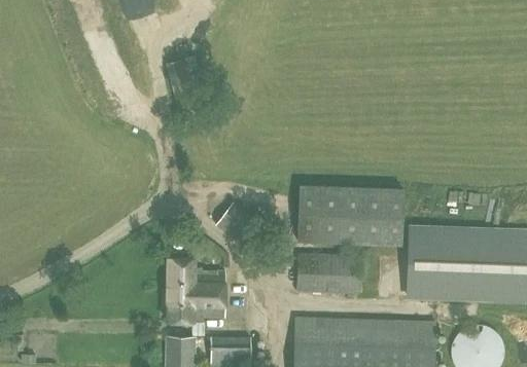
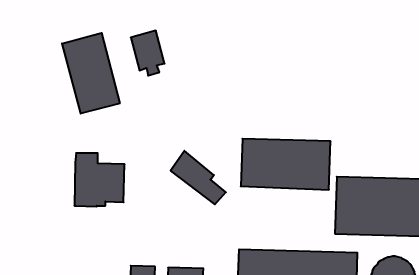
building: none -> [62,33,120,114]
building: [295,254,361,294] -> none
building: [166,259,225,323] -> [74,153,125,207]

